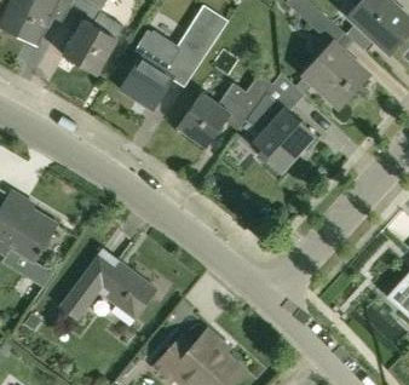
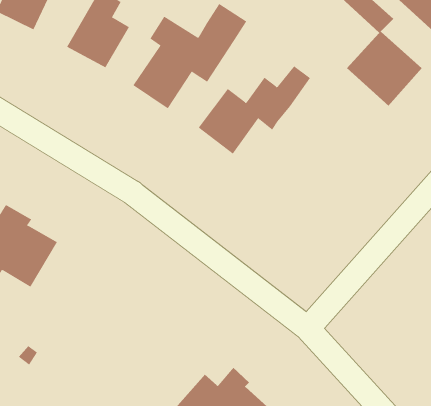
building: [244,74,312,171] -> none
building: [58,249,156,321] -> none

